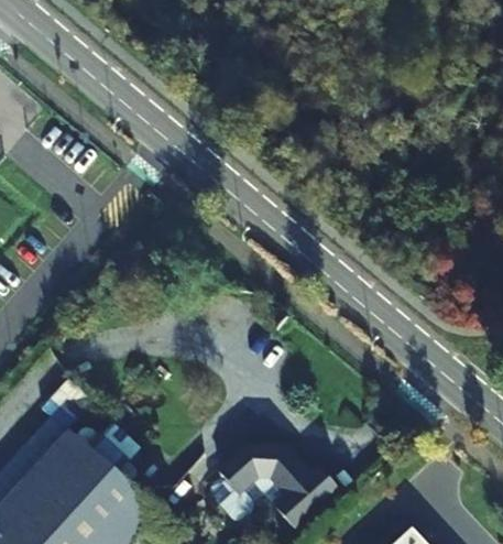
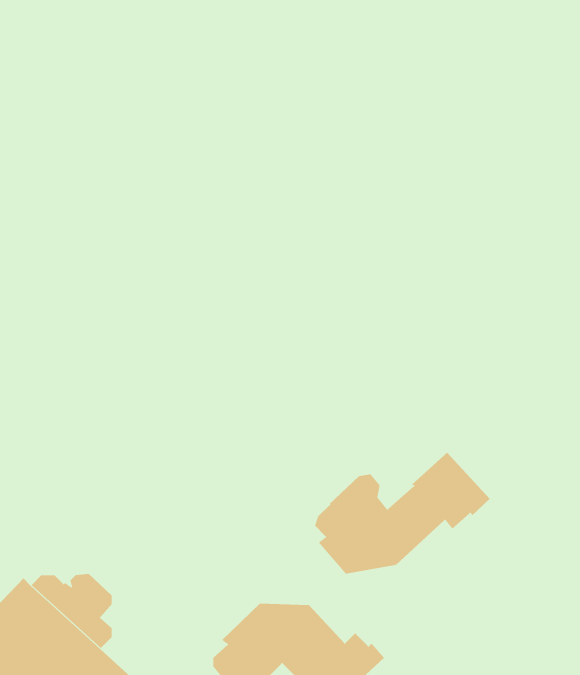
building: none -> [314,452,491,574]

